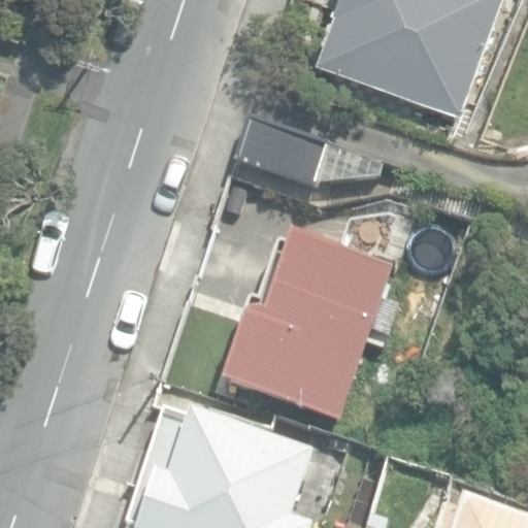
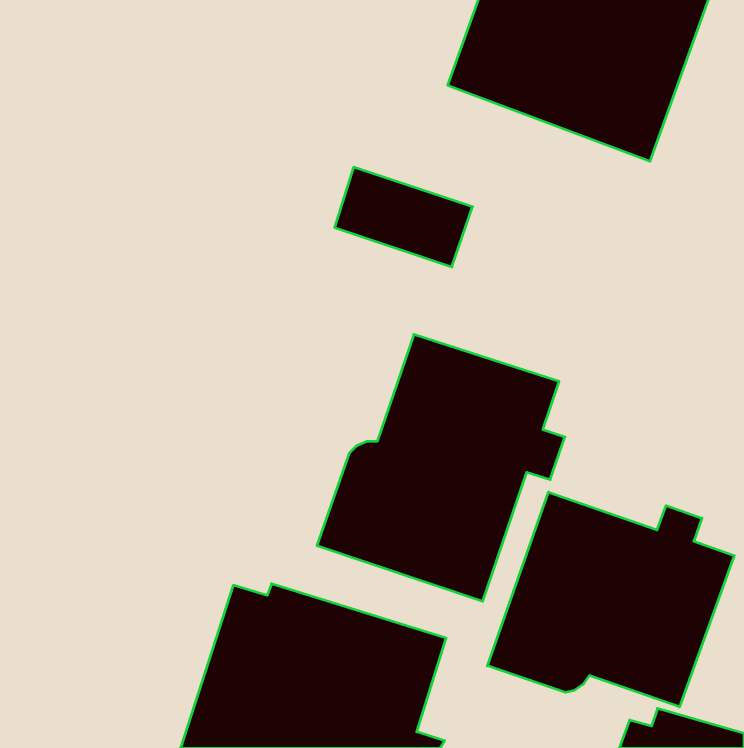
building: none -> [487,492,734,707]

